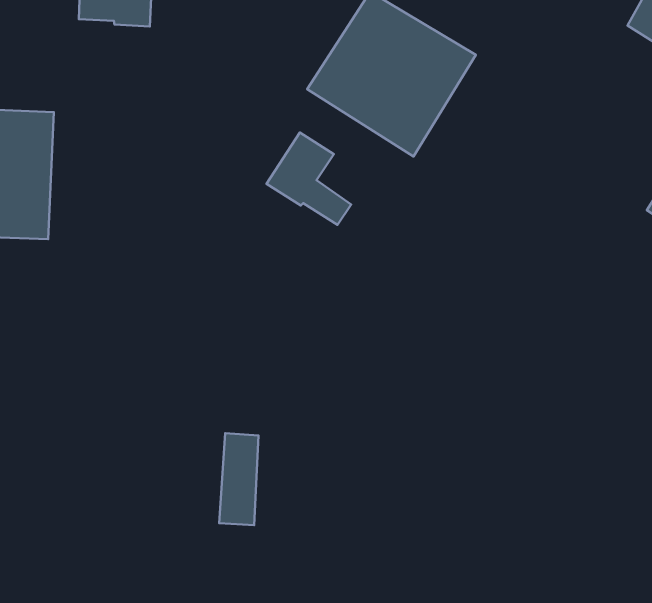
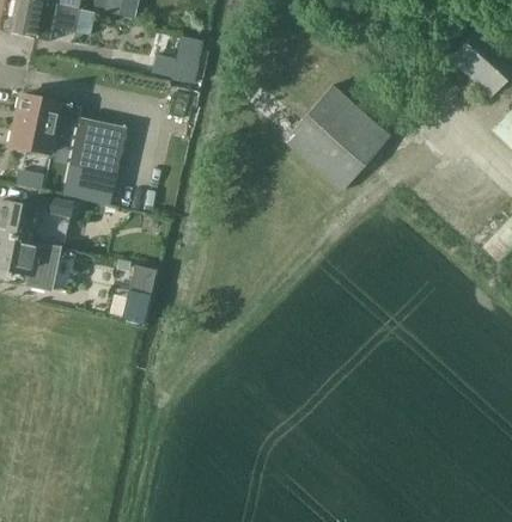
building: [267,132,351,225] -> none
building: [219,433,259,525] -> [122,265,156,325]

